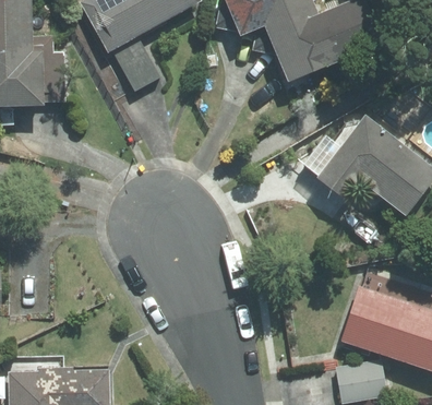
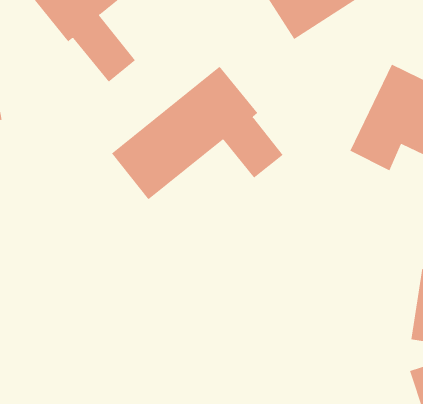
building: none -> [111,66,283,200]

